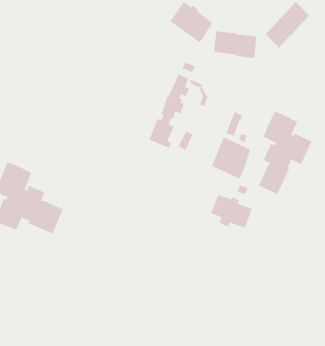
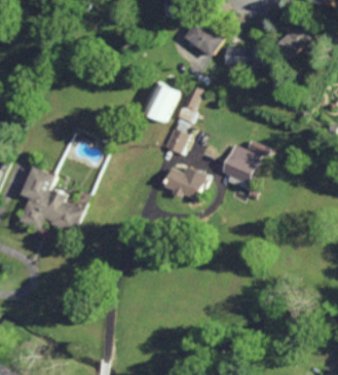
building: none -> [142,81,179,122]
building: [258,110,312,195] -> none
building: [210,195,253,229] -> [164,168,204,200]

